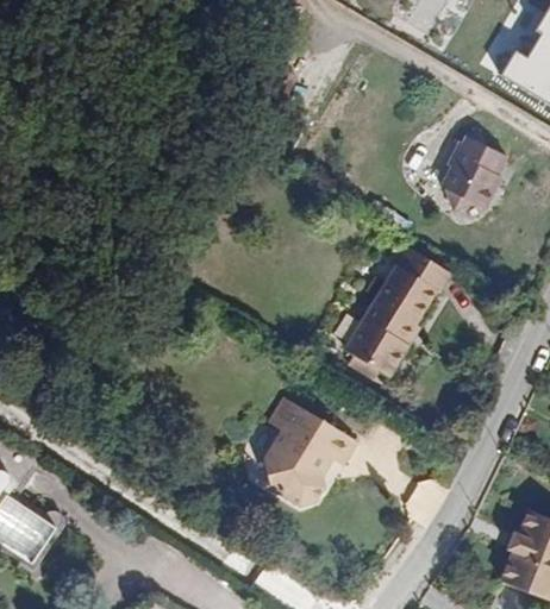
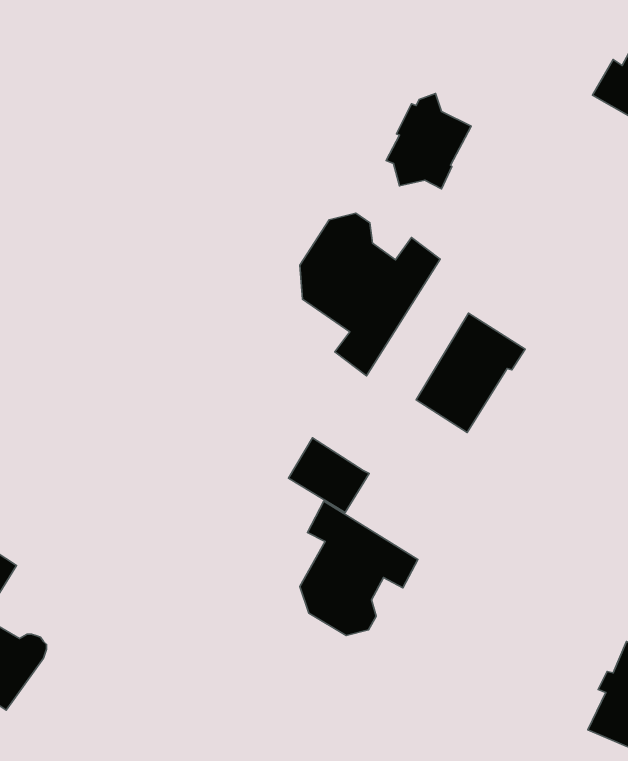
building: [445,133,513,209] -> [386,93,471,189]
building: none -> [300,213,440,376]
building: [342,319,406,378] -> [289,438,369,512]

